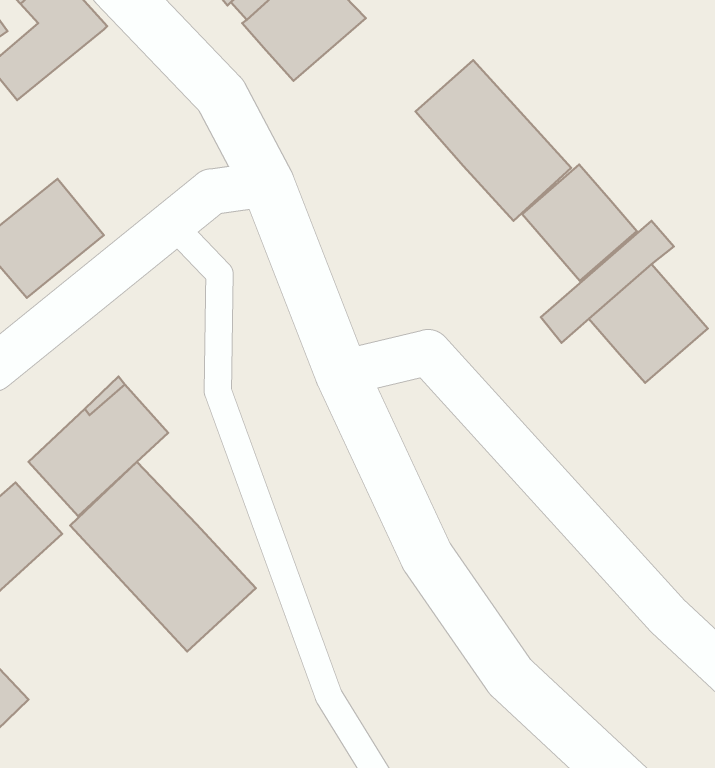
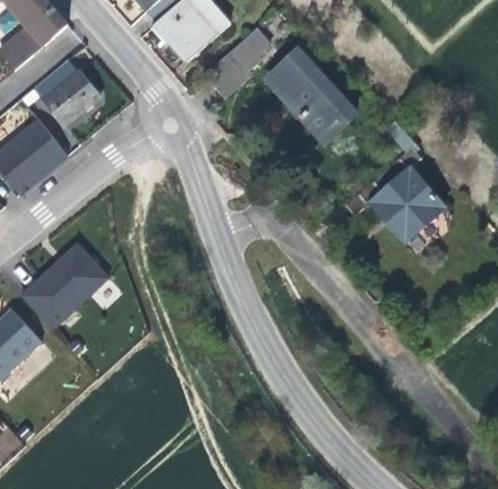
building: none -> [201,27,275,94]
building: none -> [33,59,100,126]
building: [522,165,637,281] -> none
building: [70,462,256,652] -> none

